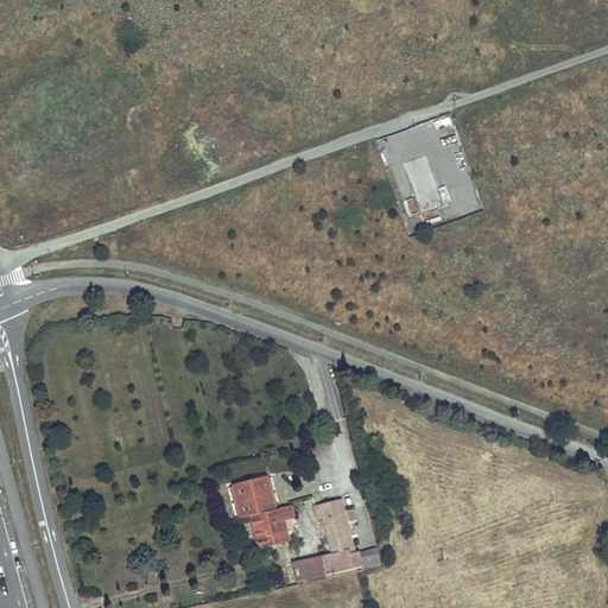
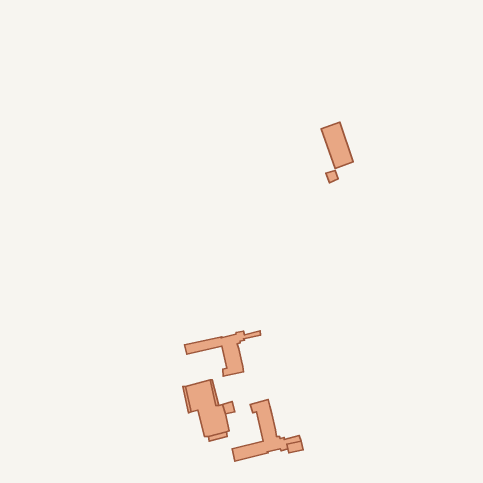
building: none -> [185,331,261,376]

